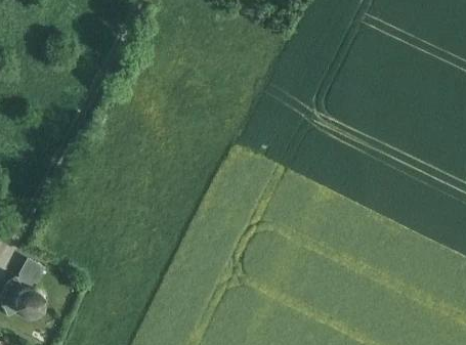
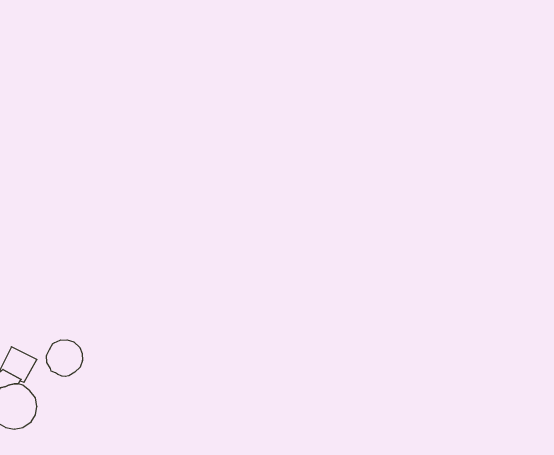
building: none -> [47,340,82,376]

